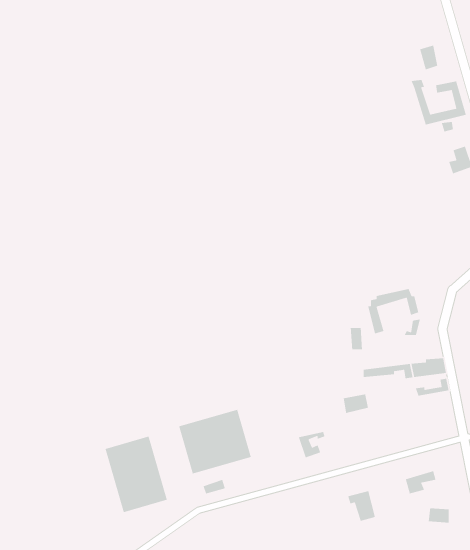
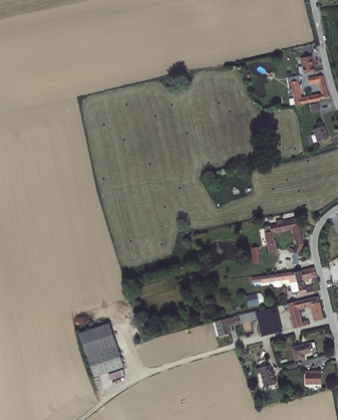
building: none -> [290,298,325,332]
building: [178,409,252,475] -> none

